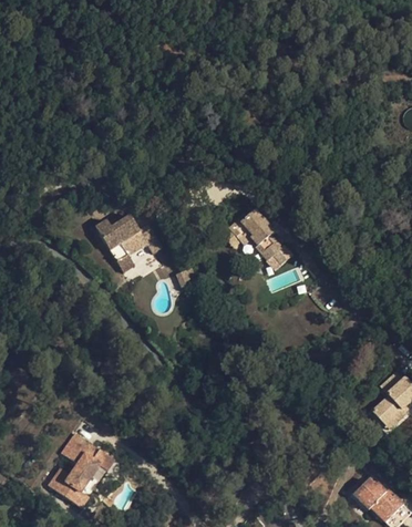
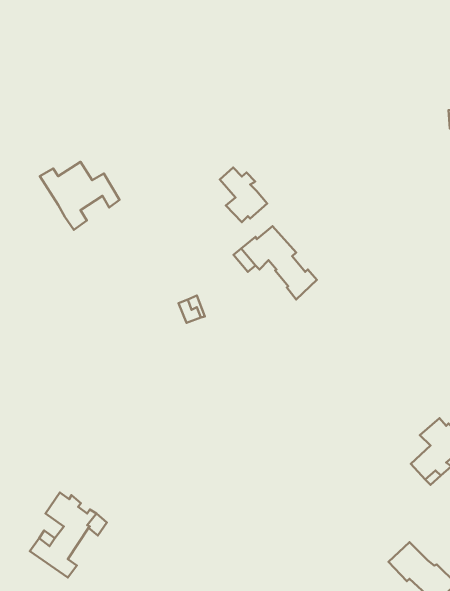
building: none -> [220,167,267,222]
building: [94,214,162,271] -> [40,162,120,230]

